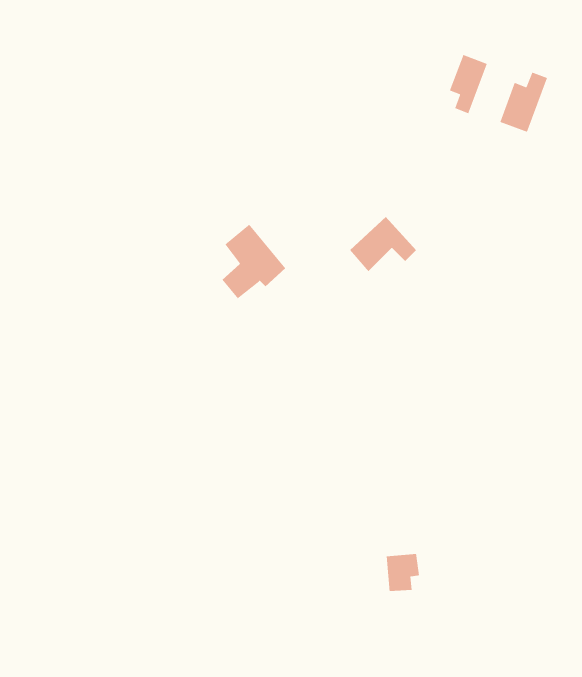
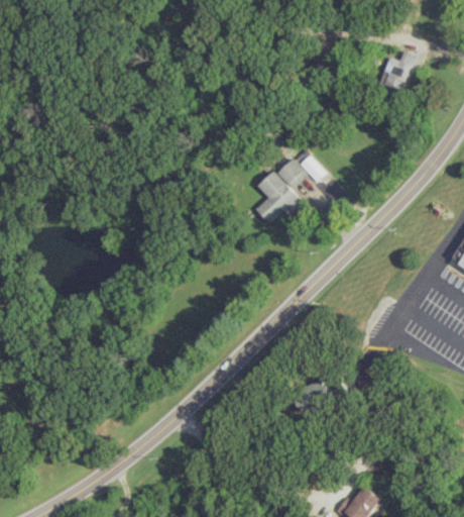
building: [449,54,488,114] -> none
building: [221,224,286,299] -> [257,172,302,223]

